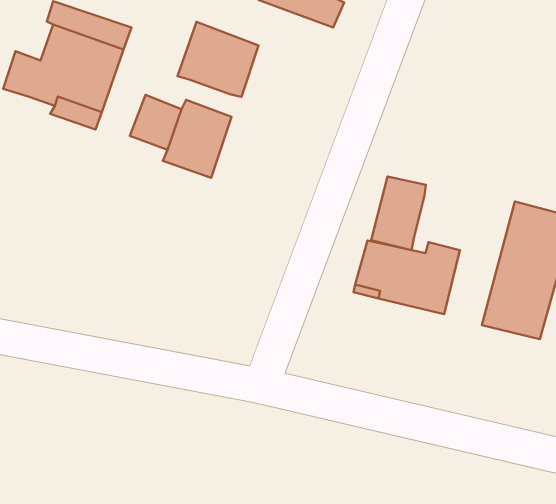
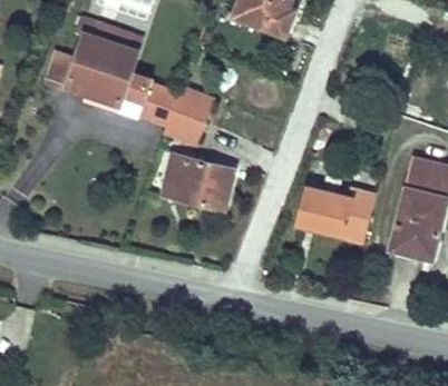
building: [177,22,259,97] -> none
building: [371,177,426,250] -> none
building: none -> [163,152,232,210]

